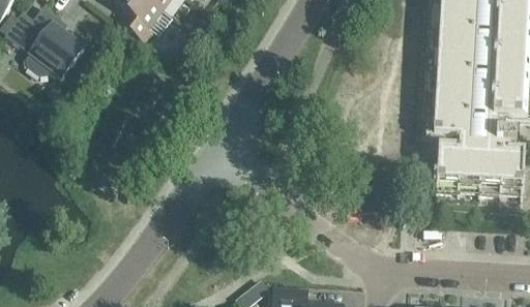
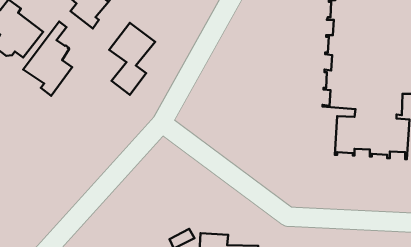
building: none -> [23,22,72,96]
building: none -> [109,23,155,95]

